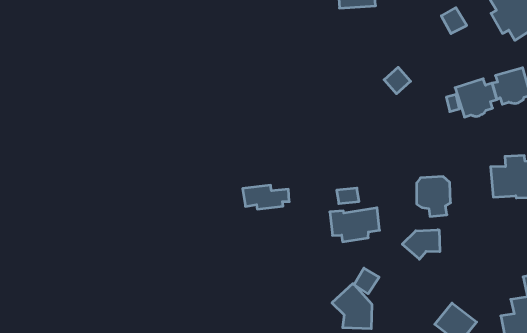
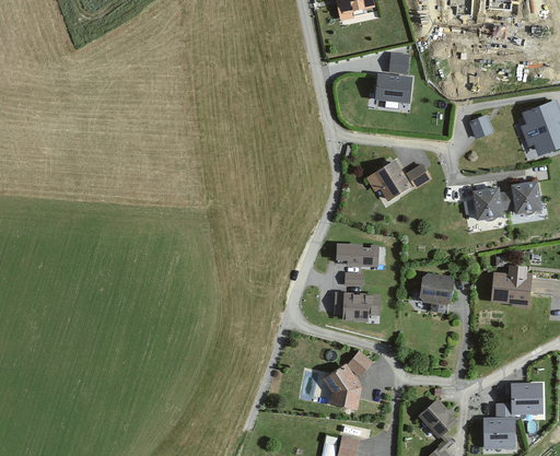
building: none -> [365,159,411,199]
building: [243,185,289,209] -> [337,243,381,266]
building: [402,230,440,259] -> none

